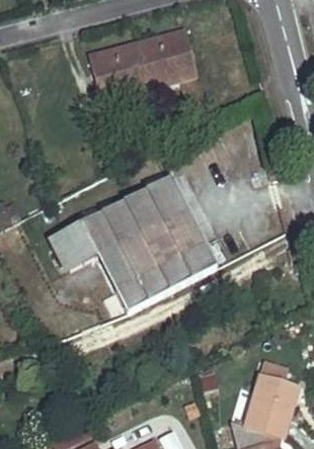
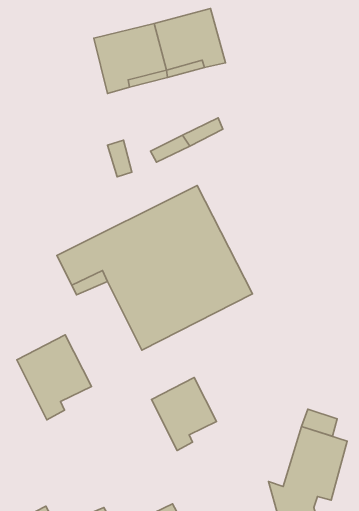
building: none -> [17,335,92,420]
building: none -> [151,378,217,451]

